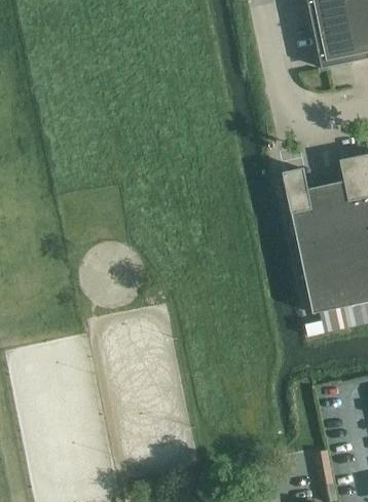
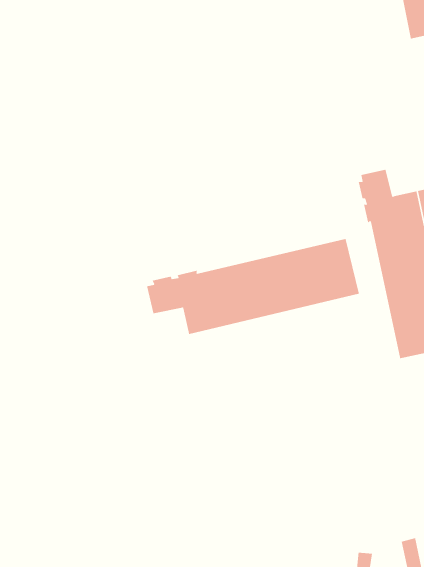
building: none -> [146,238,359,335]

